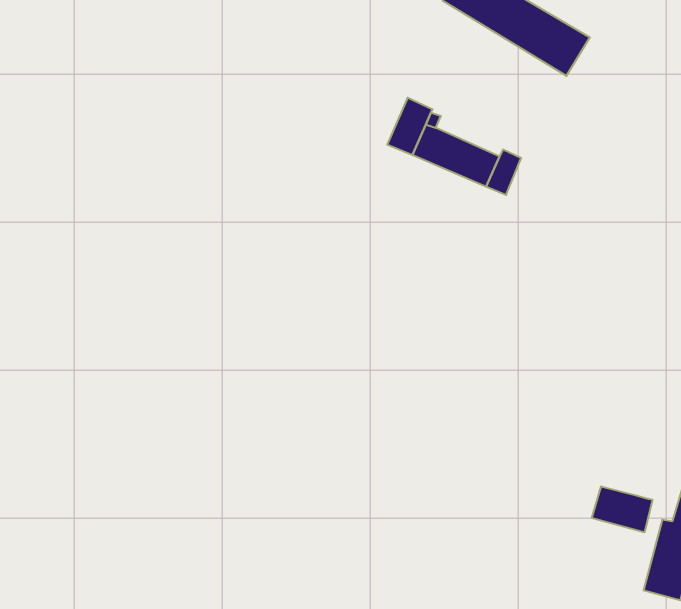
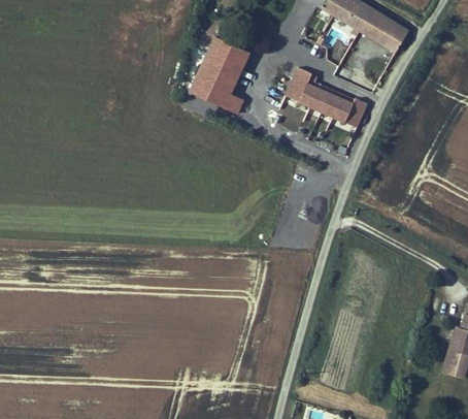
building: none -> [188,35,249,115]
building: [592,486,652,532] -> none

